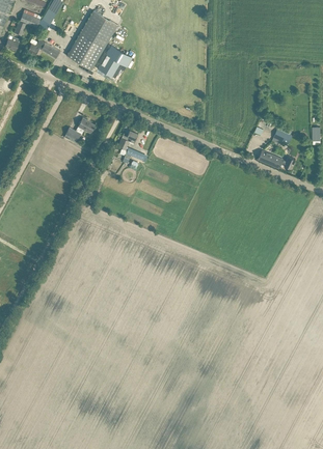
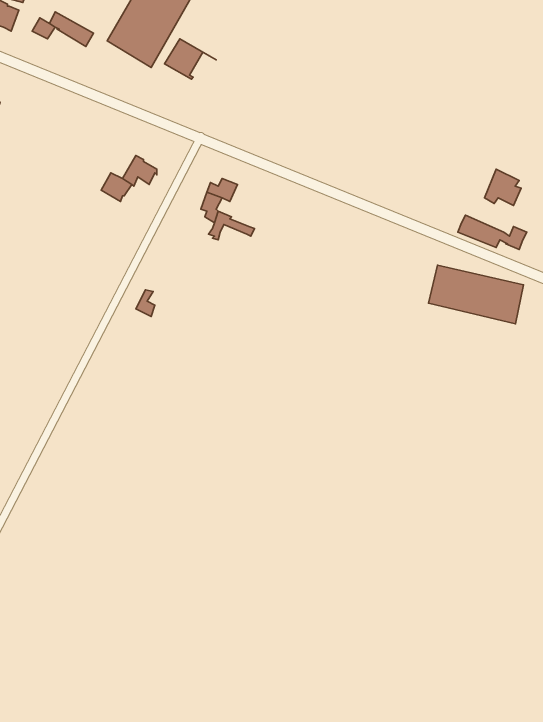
building: none -> [428,265,523,324]

